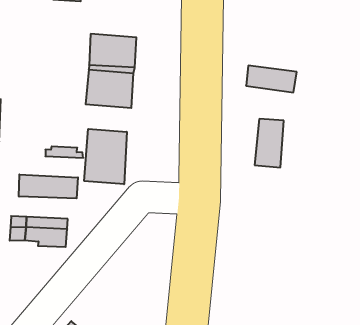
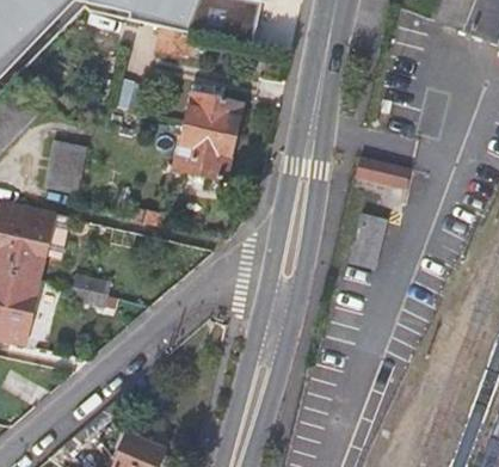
building: [84,129,127,184] -> none
building: [19,174,78,198] -> none

